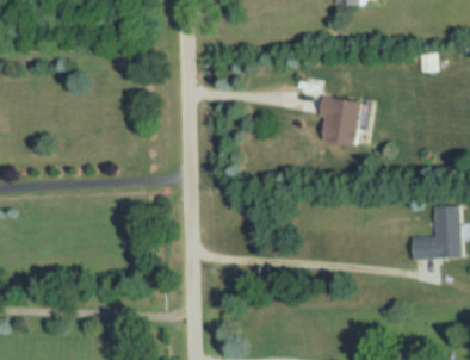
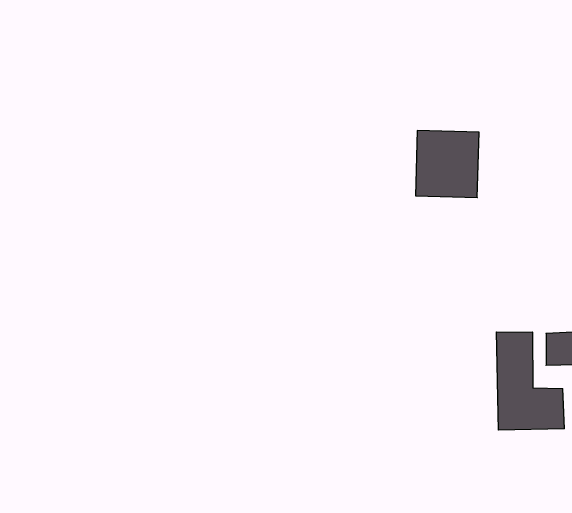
building: none -> [496,332,564,430]

